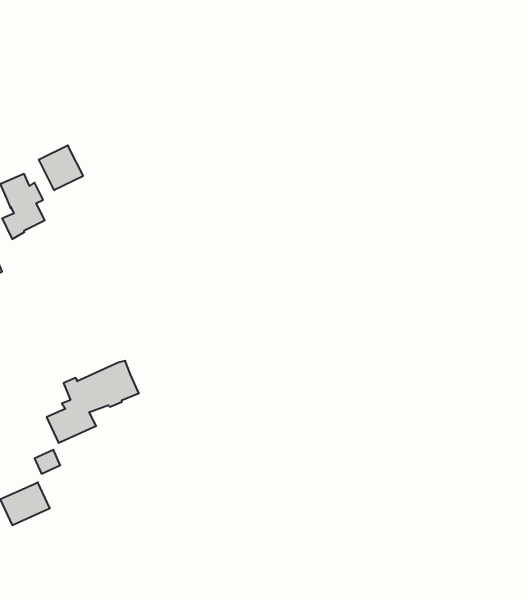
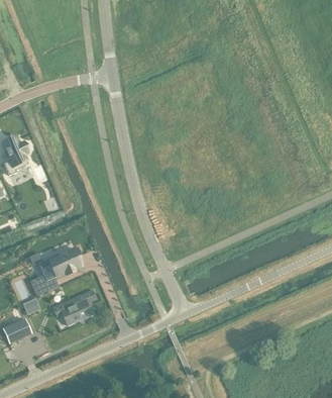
building: [39,145,83,190] -> none
building: none -> [51,288,96,324]

